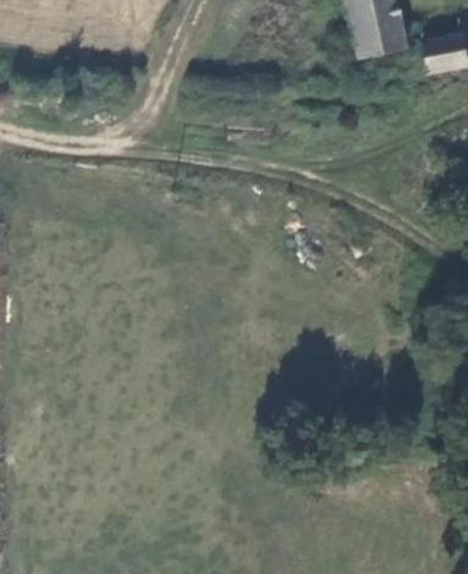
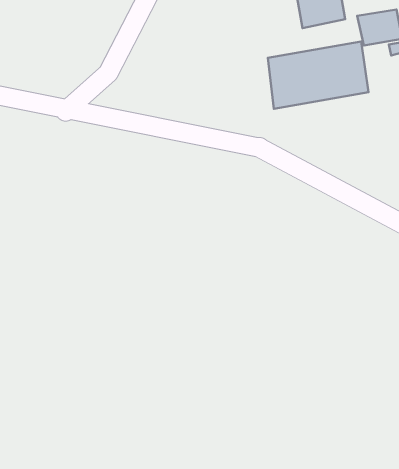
building: none -> [268,42,368,109]

